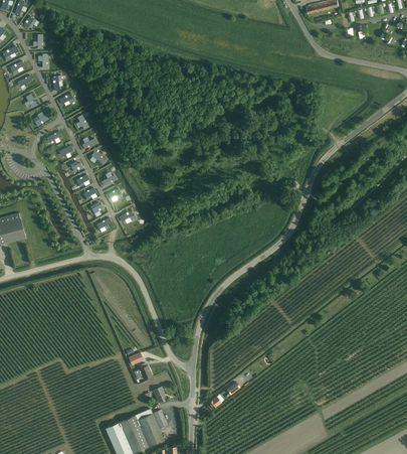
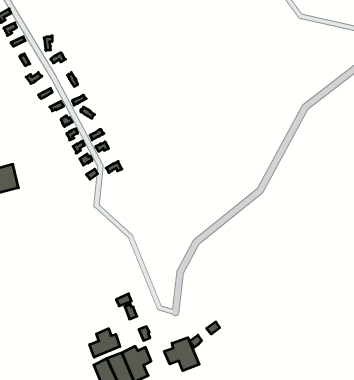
building: none -> [90,329,120,357]
building: none -> [164,338,199,371]

